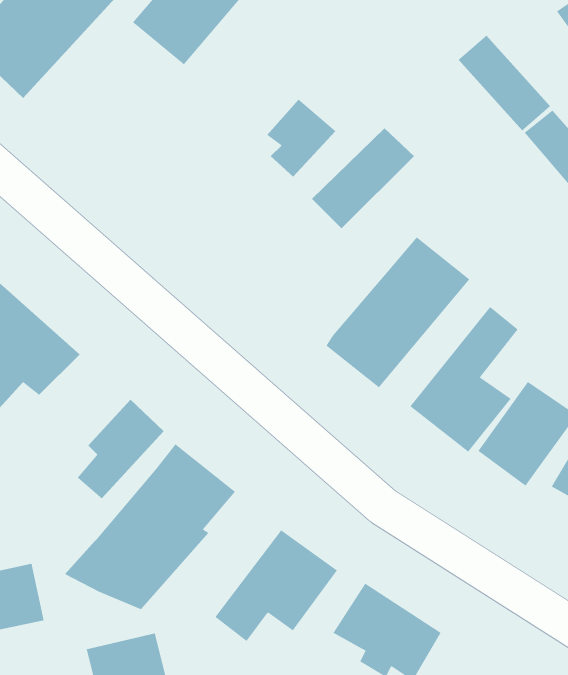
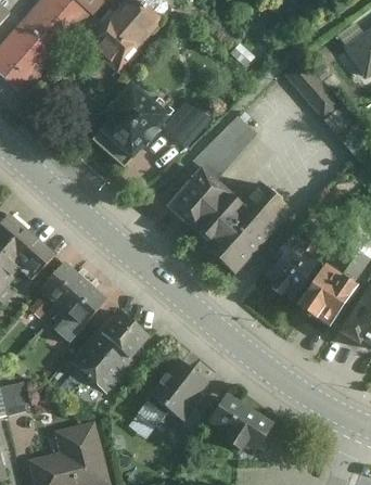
building: none -> [92,77,170,163]
building: none -> [166,166,240,240]
building: none -> [38,259,85,307]

